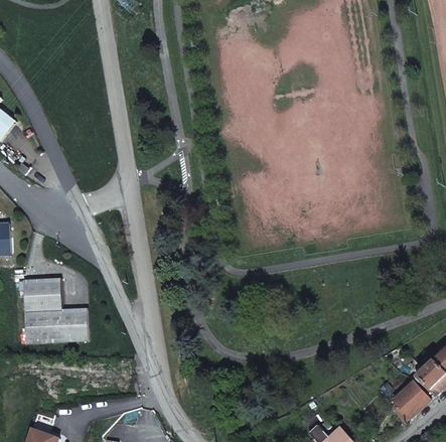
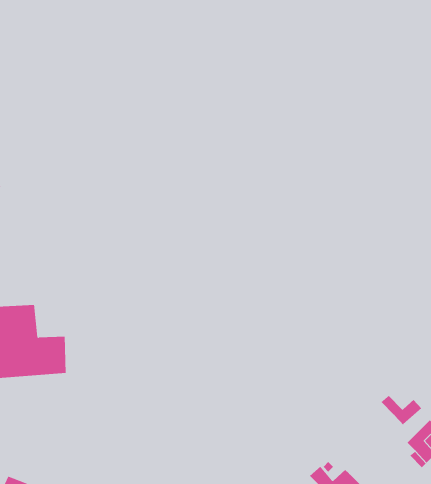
building: none -> [381,395,422,426]

